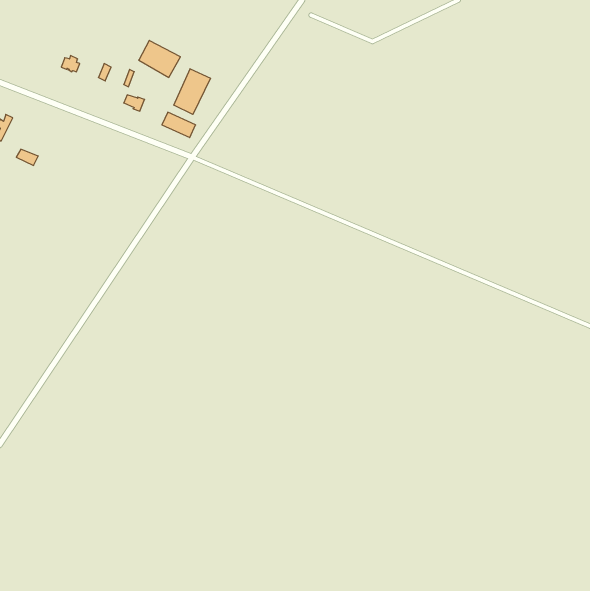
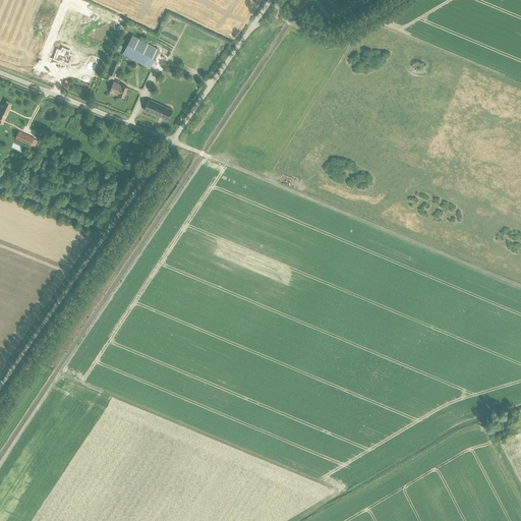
building: [174,69,211,114] -> none

